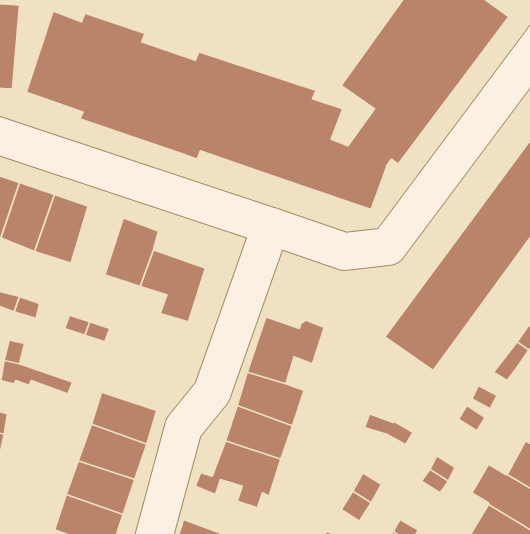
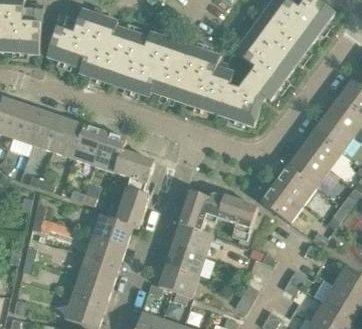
building: none -> [74,124,105,165]
building: none -> [92,188,149,246]
building: none -> [218,196,258,240]

